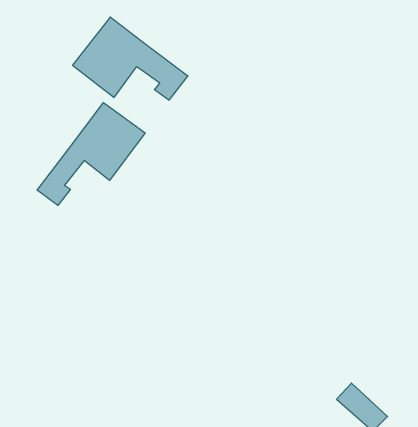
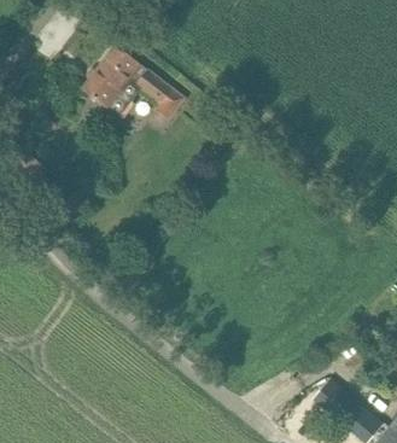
building: [37,103,145,205] -> none

